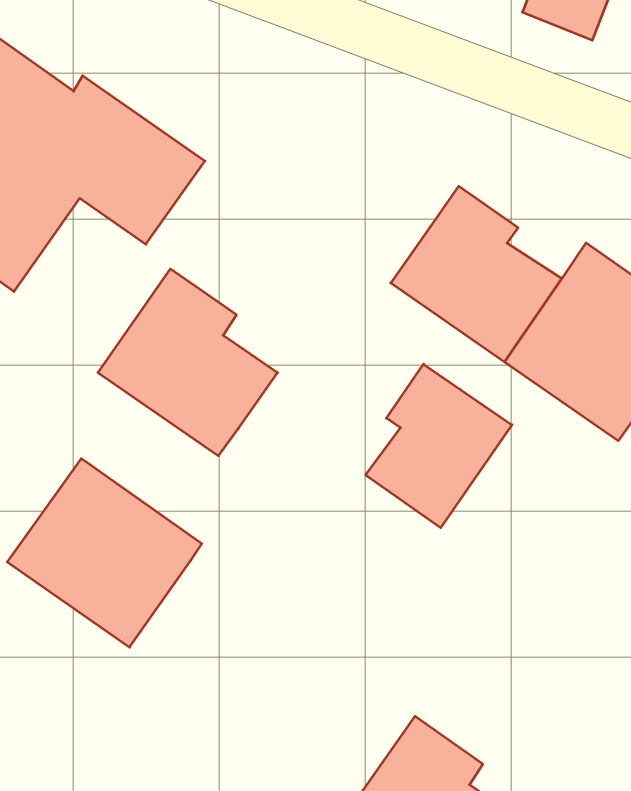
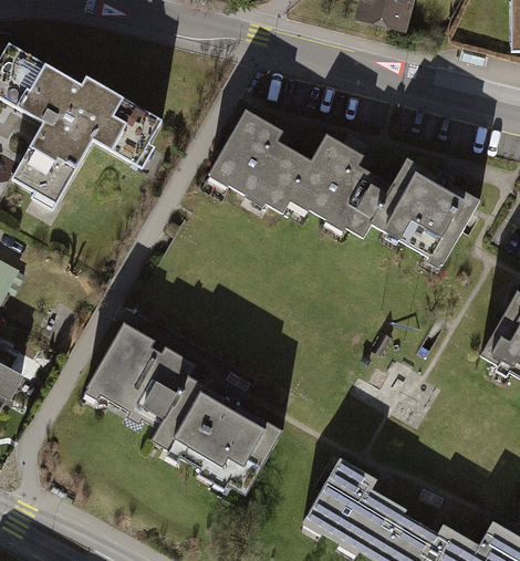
building: [98,269,278,456] -> [205,100,313,209]
building: [366,364,512,528] -> none
building: none -> [152,373,282,494]

